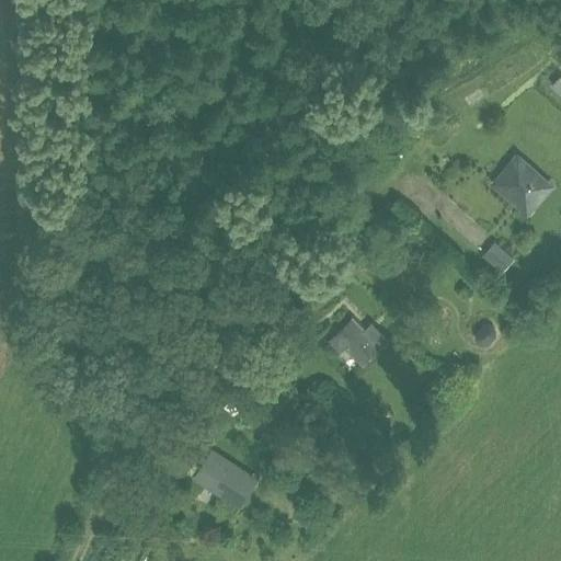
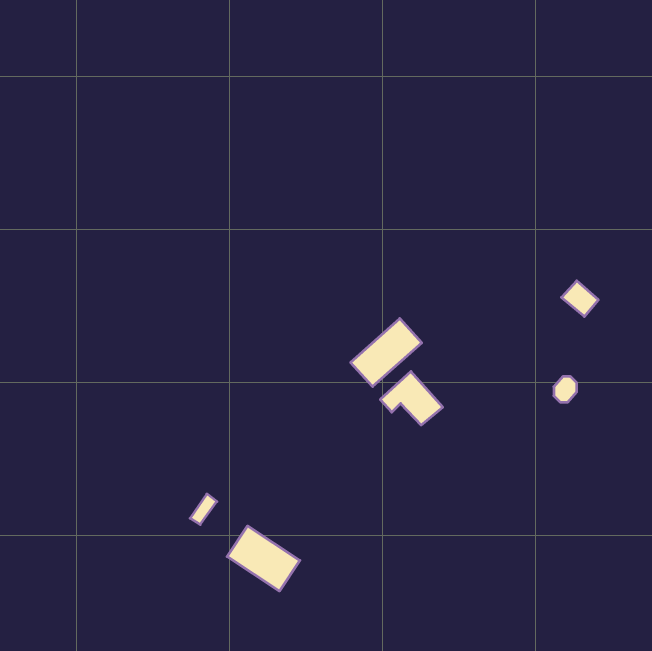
building: [495,161,545,203] -> none
building: none -> [351,318,422,387]

